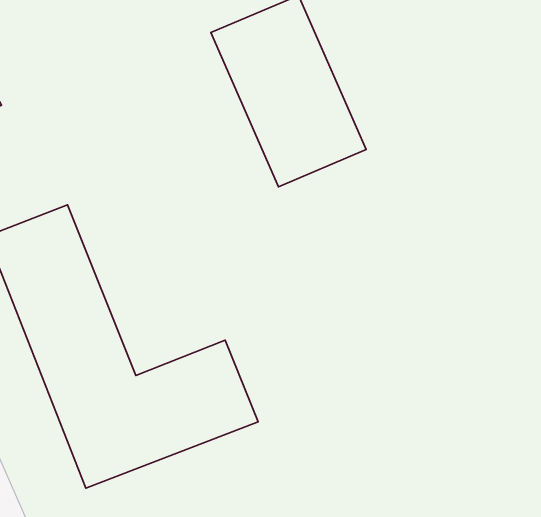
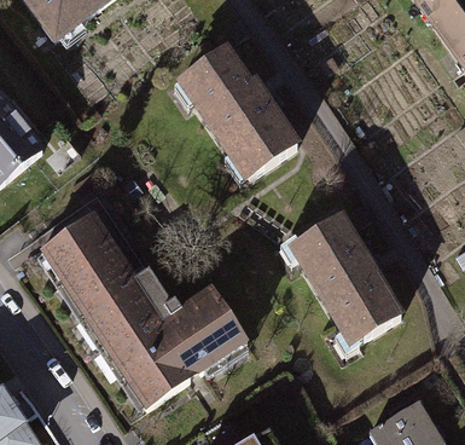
building: none -> [283,216,401,354]

